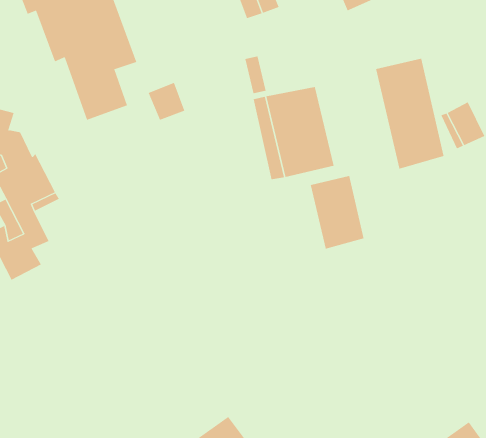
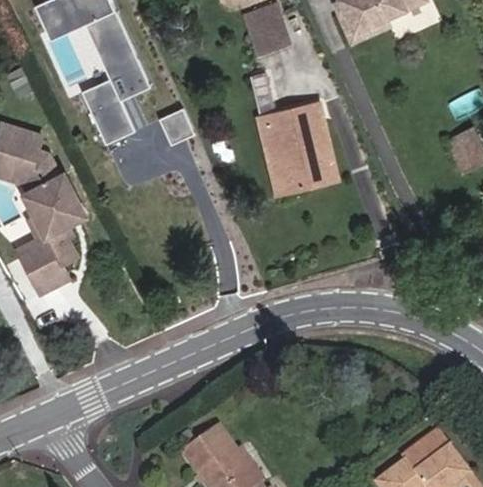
building: [375,58,444,170] -> none
building: [310,175,364,250] -> none

